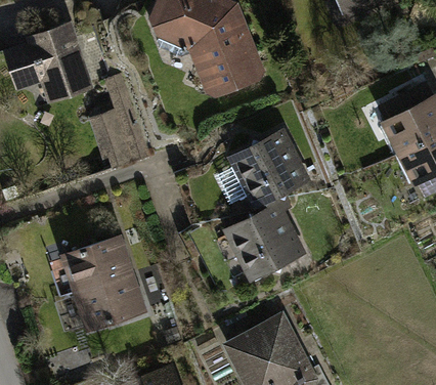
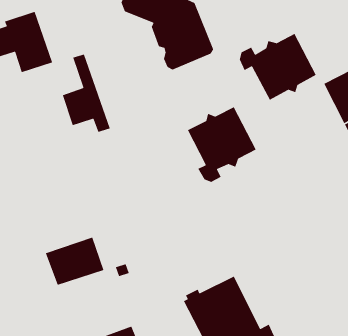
building: none -> [239,33,317,101]
building: [226,197,301,279] -> none
building: [66,238,129,292] -> none

